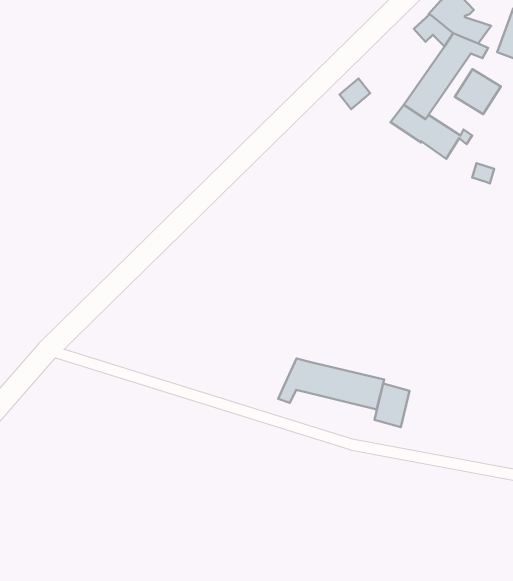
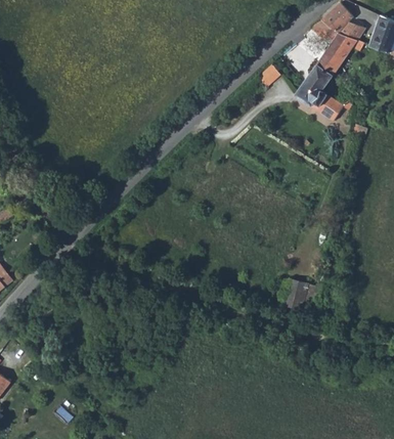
building: [455,69,501,114] -> none
building: [278,358,384,409] -> none

